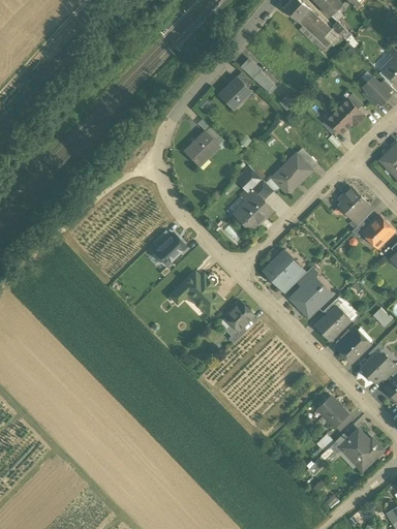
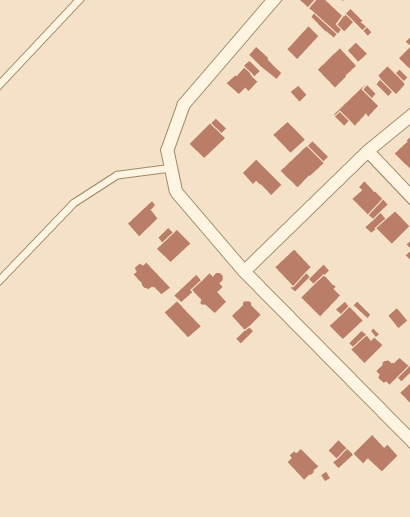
building: none -> [286,26,319,60]
building: none -> [317,48,357,88]
building: none -> [273,121,305,153]
building: [233,194,271,231] -> none
building: none -> [127,200,158,237]
building: none -> [133,262,172,295]
building: none -> [164,301,202,338]
building: [316,397,347,428] -> [287,448,319,481]

